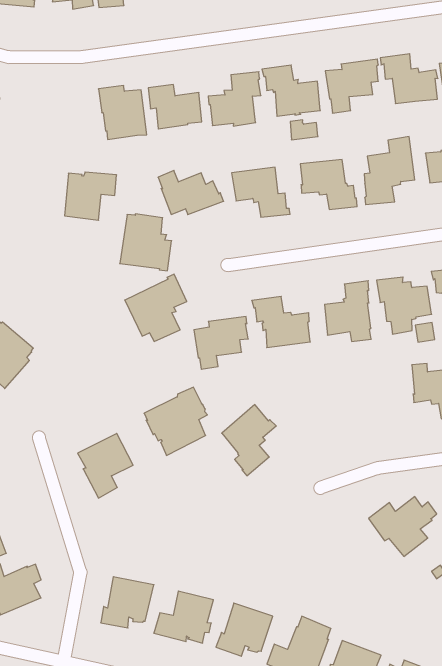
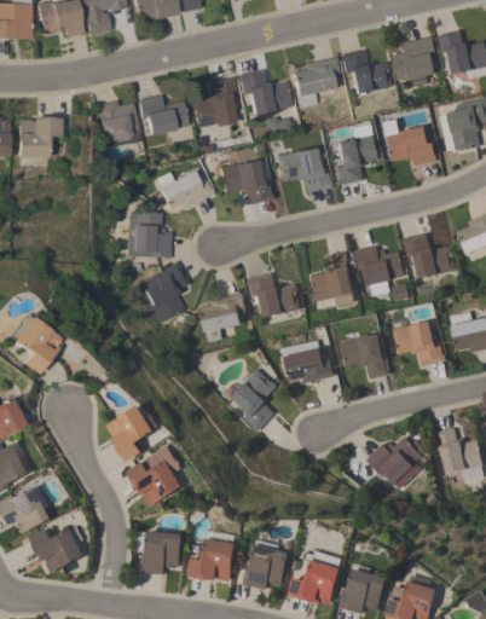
building: [65,172,117,220] -> [19,117,62,158]
building: none -> [342,334,390,378]
building: none -> [283,341,335,382]
building: [144,387,207,455] -> [128,445,184,507]

